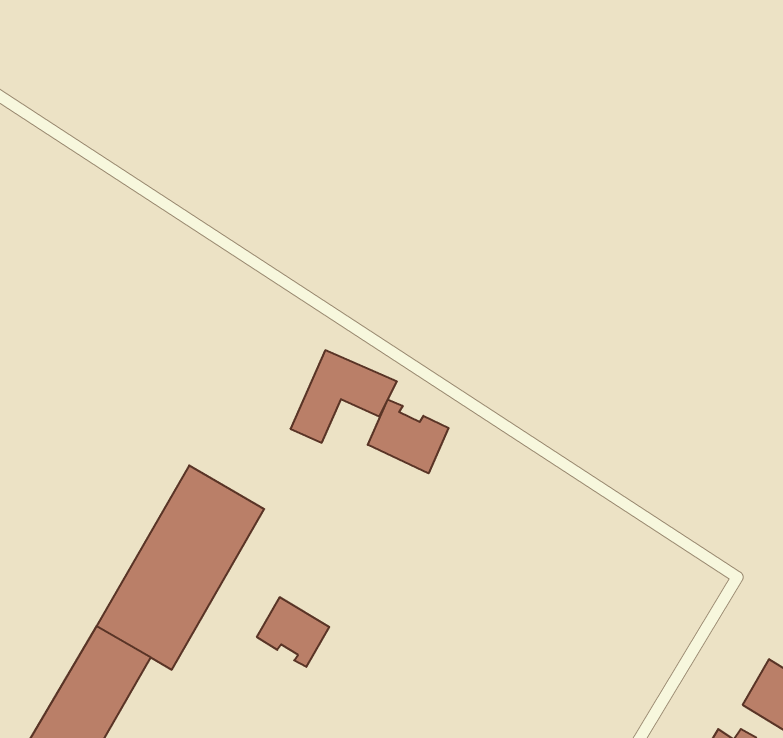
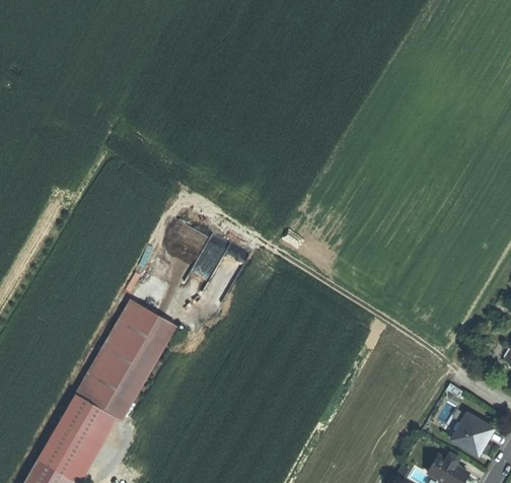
building: [368,400,449,473] -> none
building: [257,597,329,667] -> none

